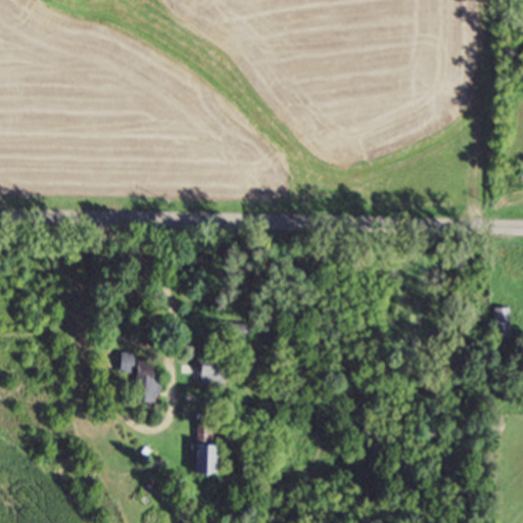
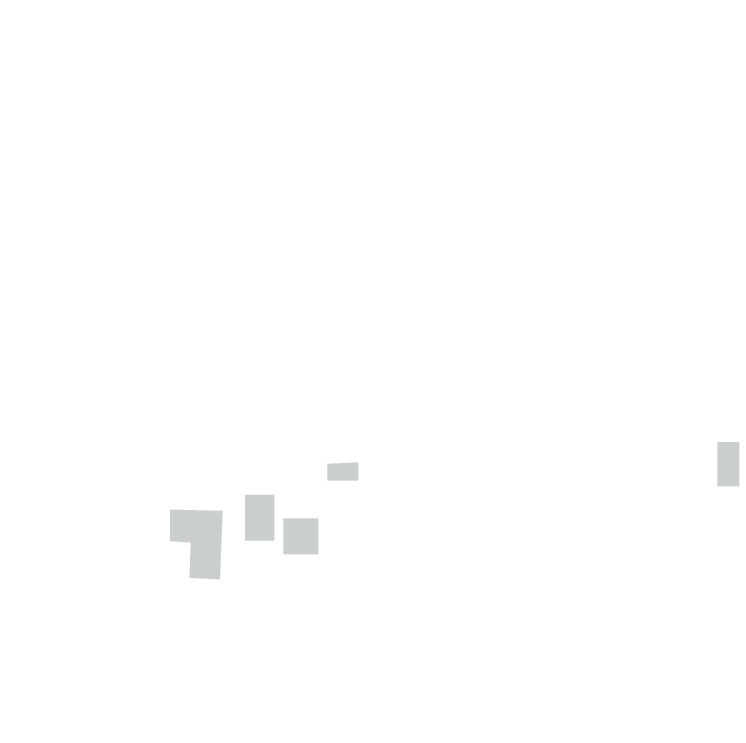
building: none -> [244,494,275,541]
building: [194,444,218,474] -> none

